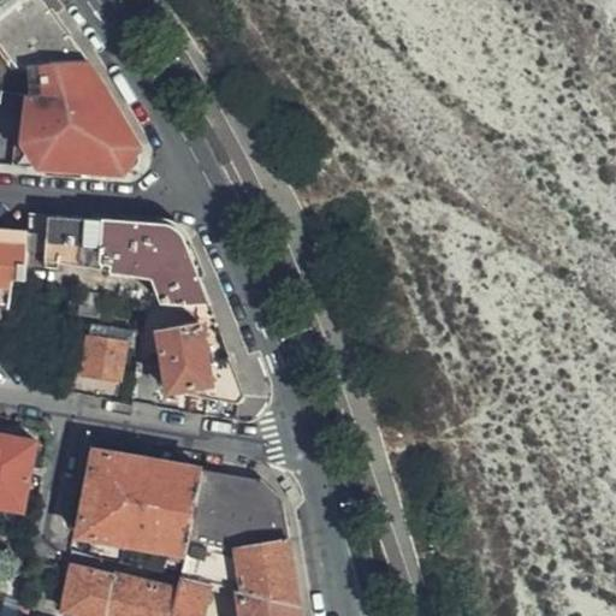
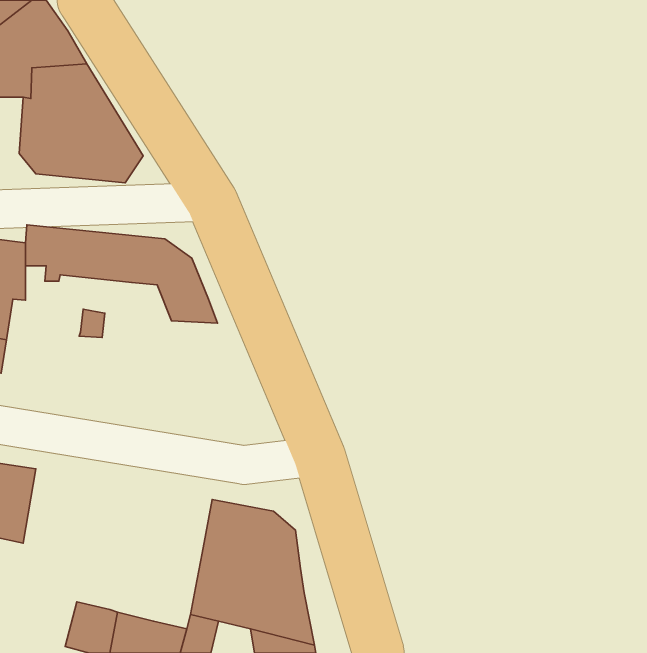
building: [81,325,131,380] -> none
building: [155,326,239,421] -> none
building: [79,452,200,553] -> none

